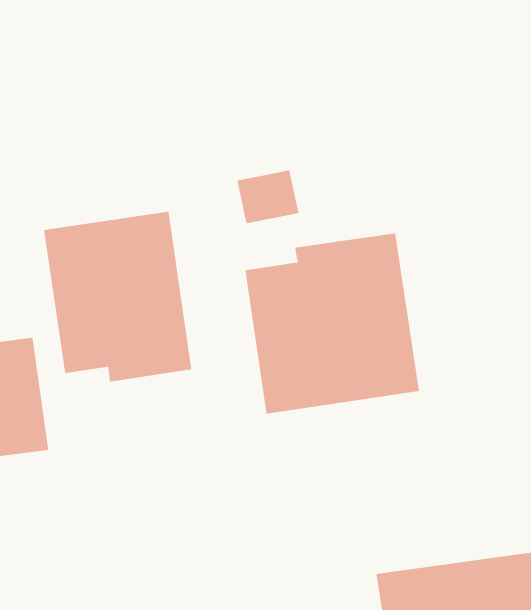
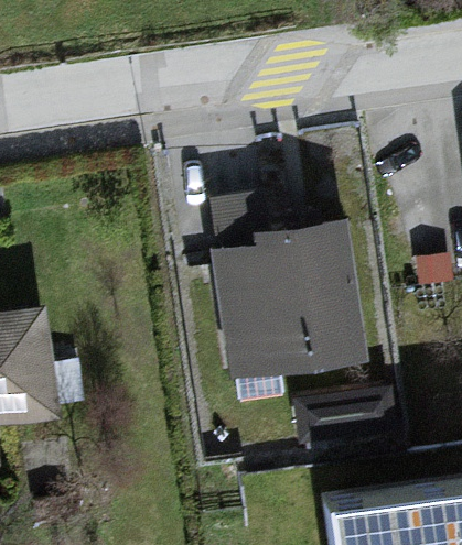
building: [43,211,192,382] -> none

